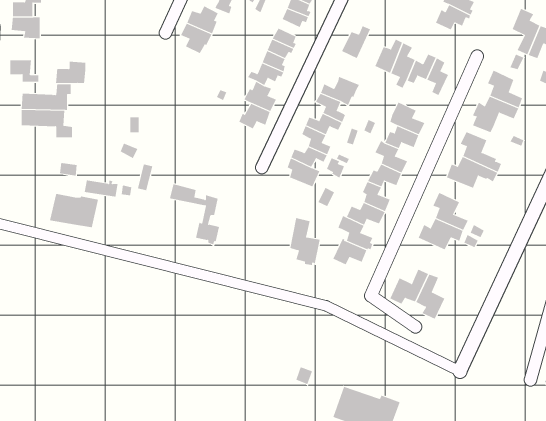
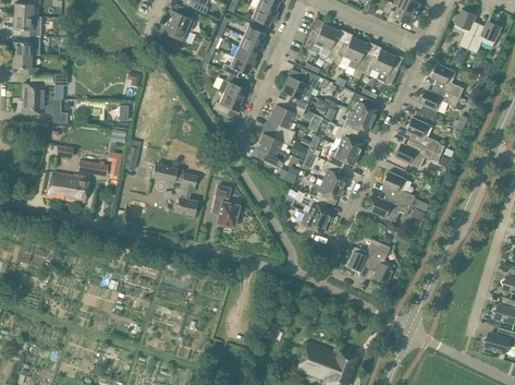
building: none -> [318,27,341,64]
building: [55,61,86,83] -> [12,35,39,55]
building: [289,217,320,266] -> [211,185,238,228]

